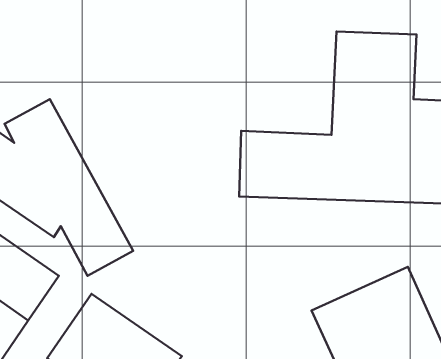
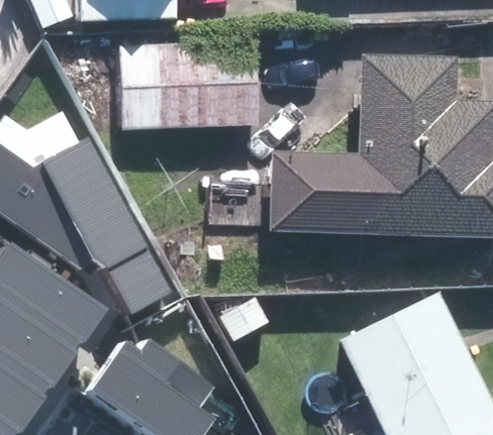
building: none -> [123,48,245,126]

